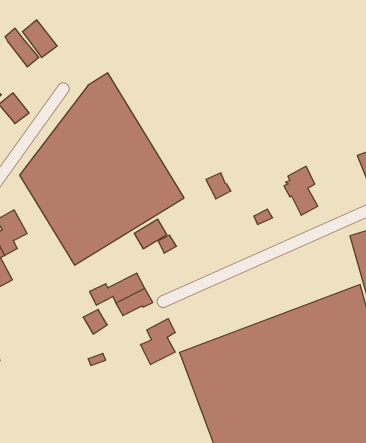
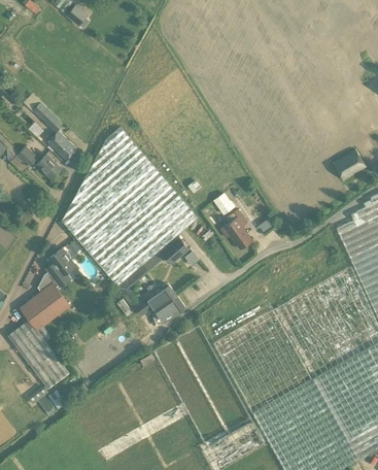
building: [22,20,57,58] -> [48,131,78,161]
building: [284,166,318,215] -> [224,209,253,249]
building: [140,319,175,365] -> none

